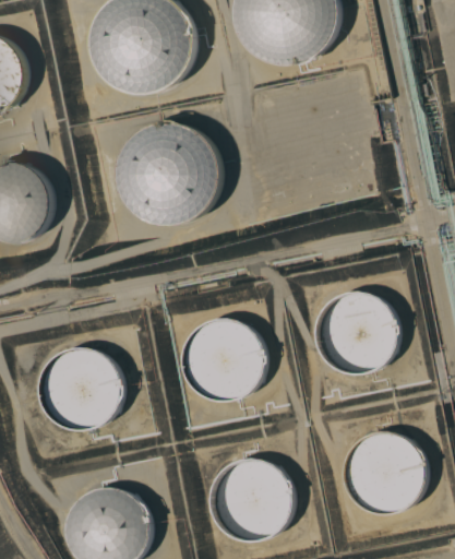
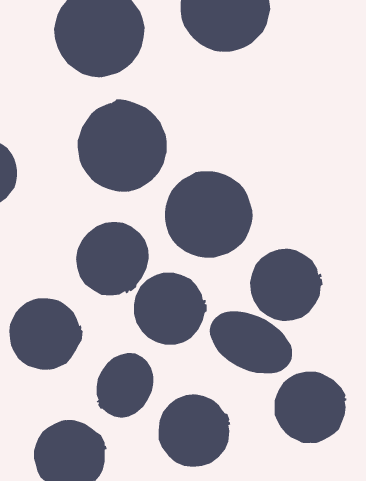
building: none -> [164,170,253,259]
building: none -> [76,221,149,296]
building: none -> [209,311,293,374]
building: none -> [96,352,154,418]

